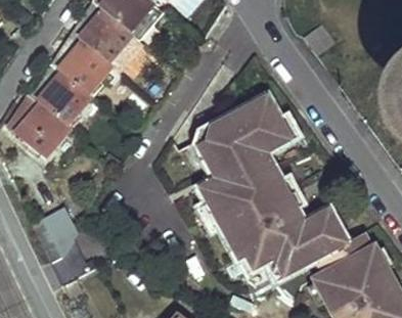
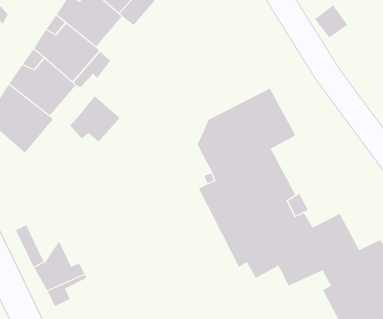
building: none -> [69,96,121,142]
building: [45,206,80,256] -> none

